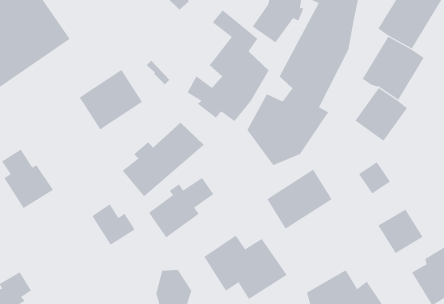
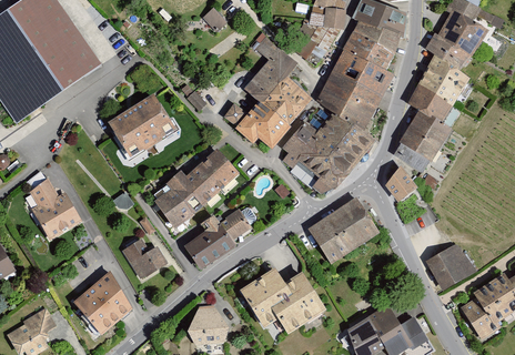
building: [358,162,391,194] -> [381,163,415,197]
building: none -> [73,268,133,334]

